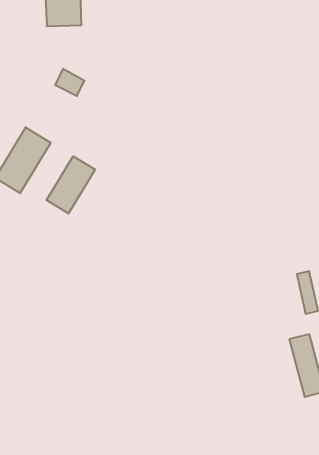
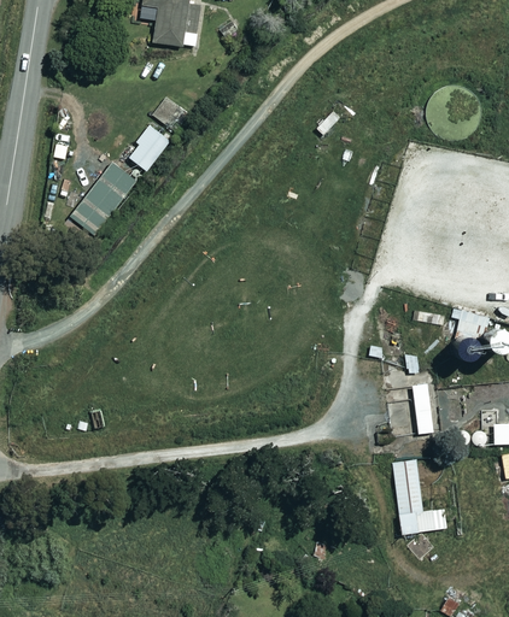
building: none -> [129,125,170,171]
building: [47,156,95,214] -> none

